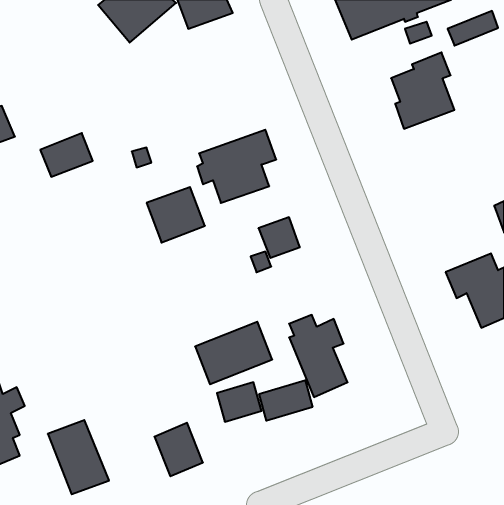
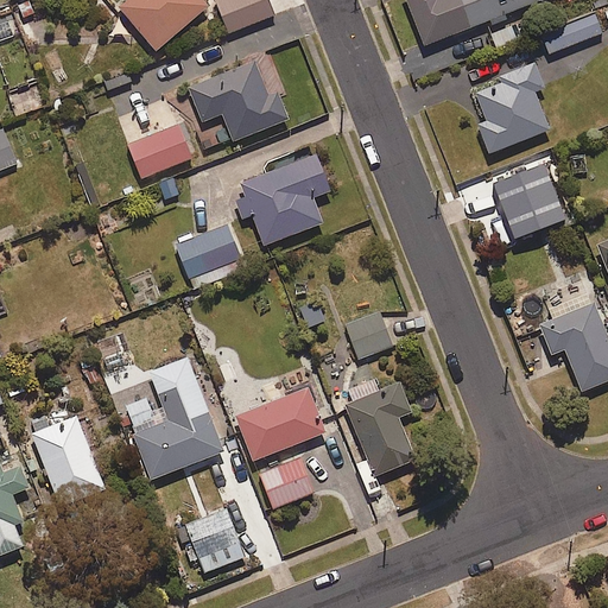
building: none -> [190,61,289,140]
building: [40,133,93,177] -> [129,125,192,177]
building: none -> [482,163,562,243]
building: [258,217,300,258] -> [344,311,394,360]
building: none -> [124,357,224,480]
building: [259,380,312,421] -> none
building: [48,420,109,494] -> [32,417,106,506]

